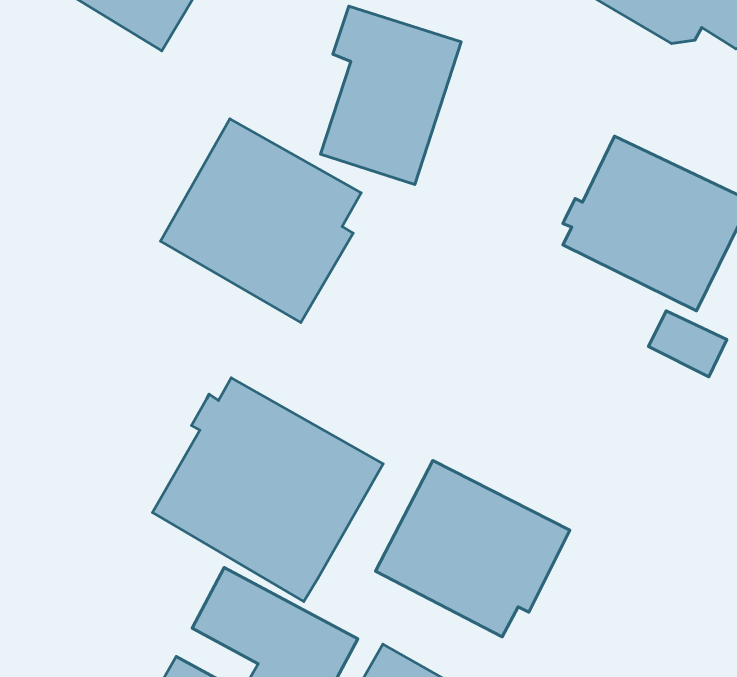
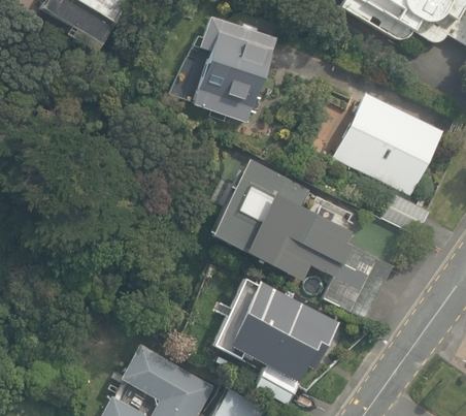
building: [160,119,361,322] -> none
building: none -> [210,157,393,319]
building: [153,378,383,602] -> none

